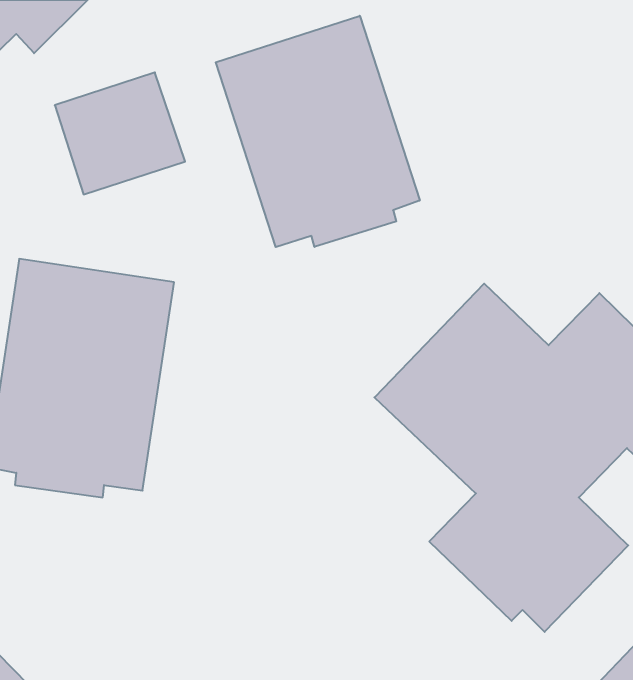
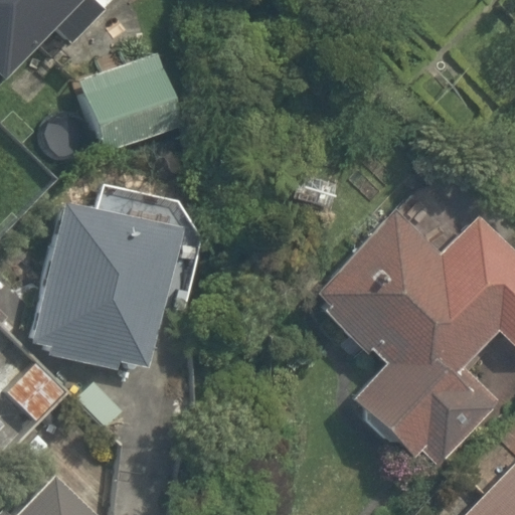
building: [216,16,420,247] -> none

